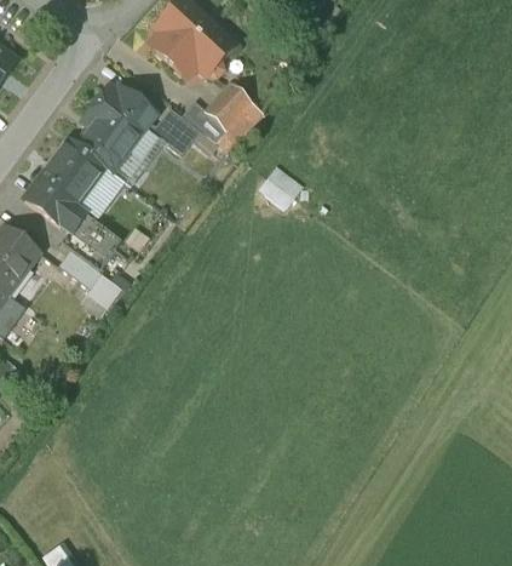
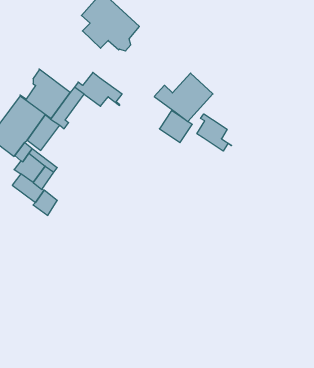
building: [179,81,261,149] -> [154,73,213,122]
building: [94,86,154,135] -> none
building: none -> [197,114,232,151]

